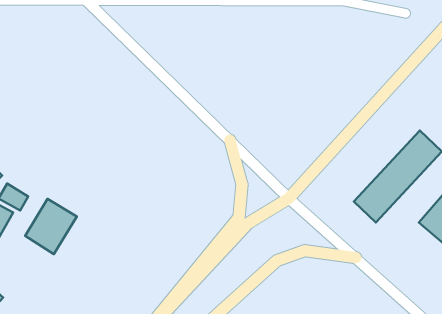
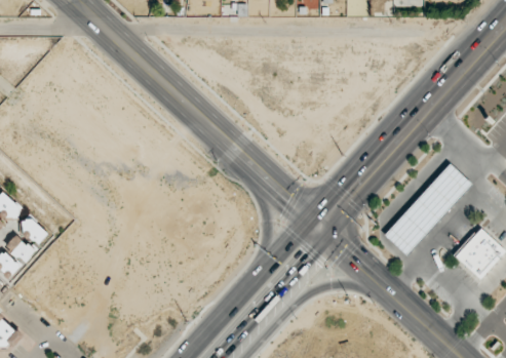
building: [25,199,77,254] -> none

